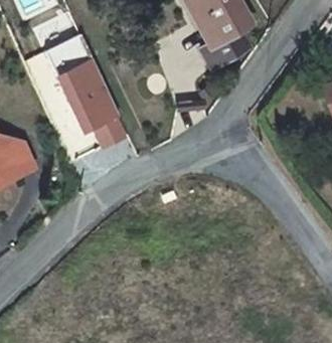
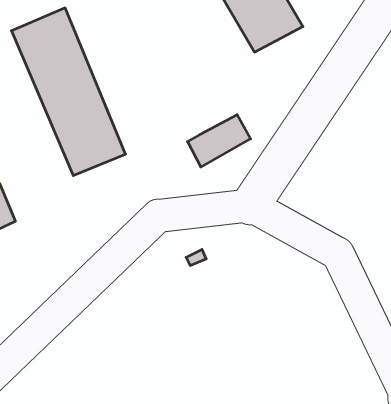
building: [203,27,251,66] -> [187,115,251,167]

